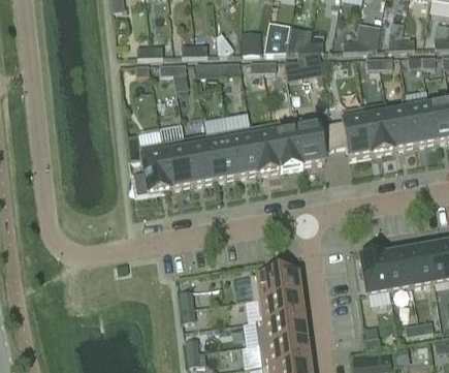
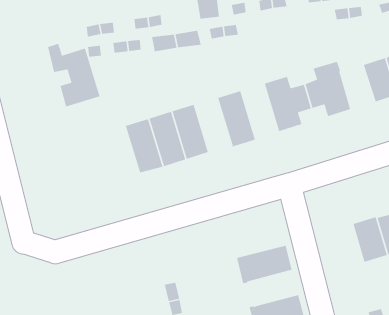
building: [364,101,394,153] -> none
building: [272,118,303,169] -> none
building: [228,126,258,176] -> none
building: [127,134,171,194] -> [47,43,101,107]
building: [258,292,303,321] -> none

